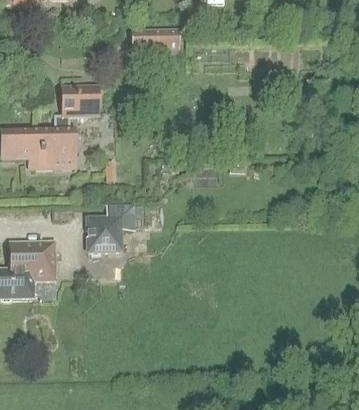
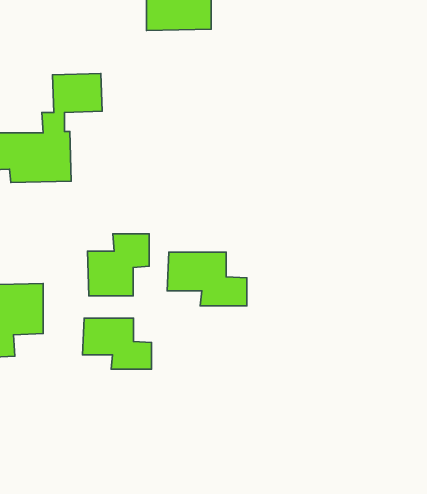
building: none -> [167,252,247,306]
building: none -> [83,318,152,369]

